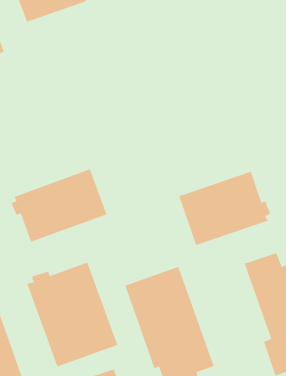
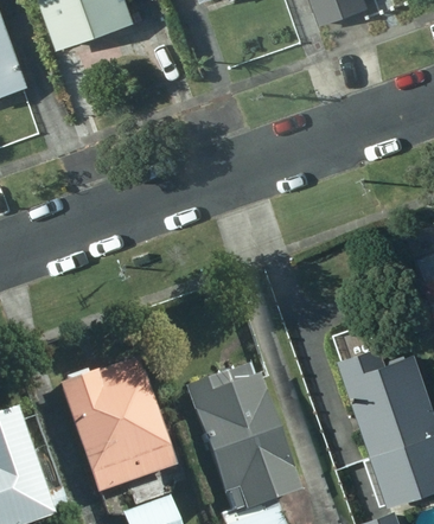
building: [11,169,107,243] -> none
building: [178,171,271,246] -> none

